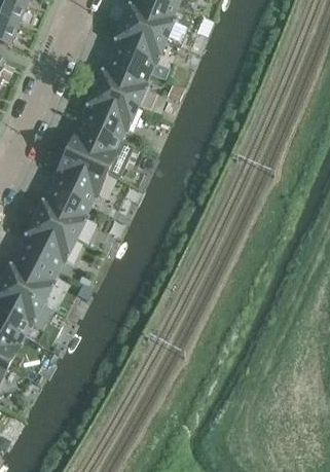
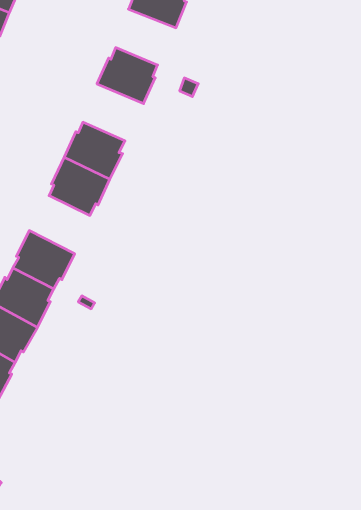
building: [111,24,164,73] -> none
building: [82,89,136,140] -> none
building: [35,188,88,240] -> none

